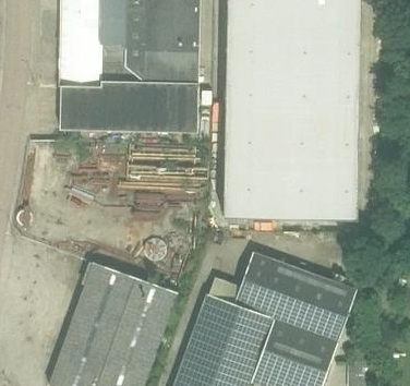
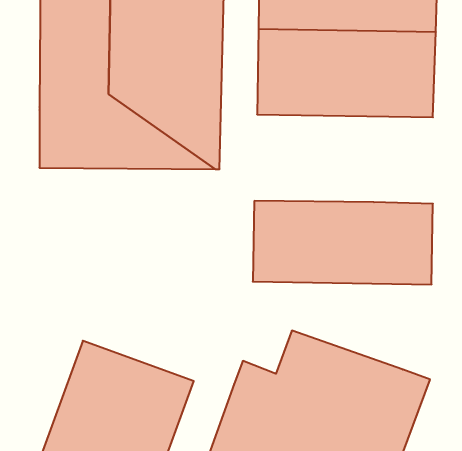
building: [224,91,359,158] -> none

